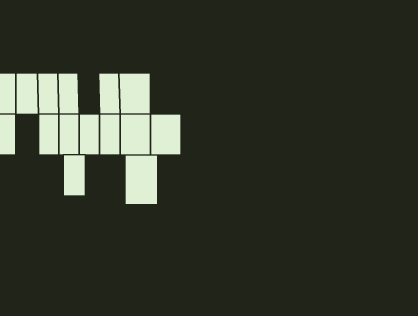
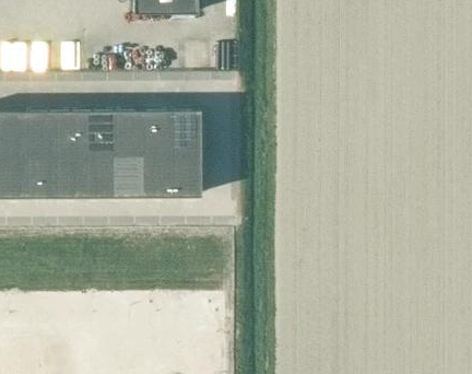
building: none -> [91,110,114,154]
building: none -> [168,110,201,154]
building: [63,155,86,196] -> [24,154,48,198]
building: [125,155,157,205] -> none

